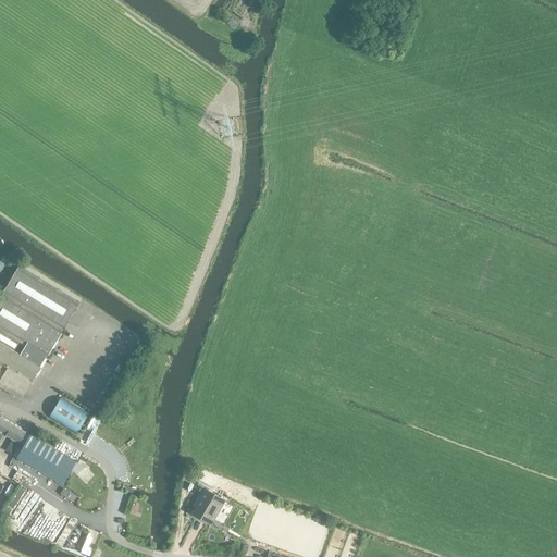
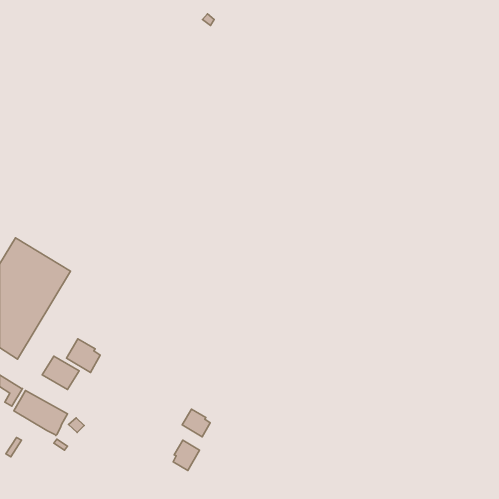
building: none -> [67,339,100,373]
building: none -> [182,409,210,437]

